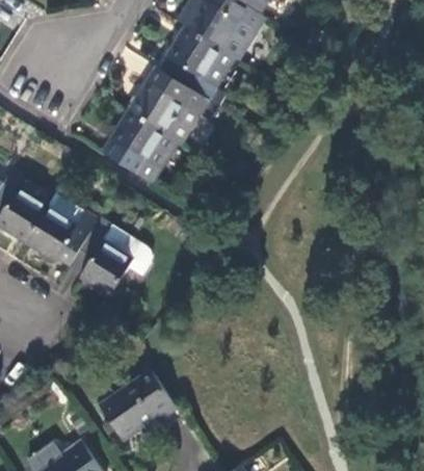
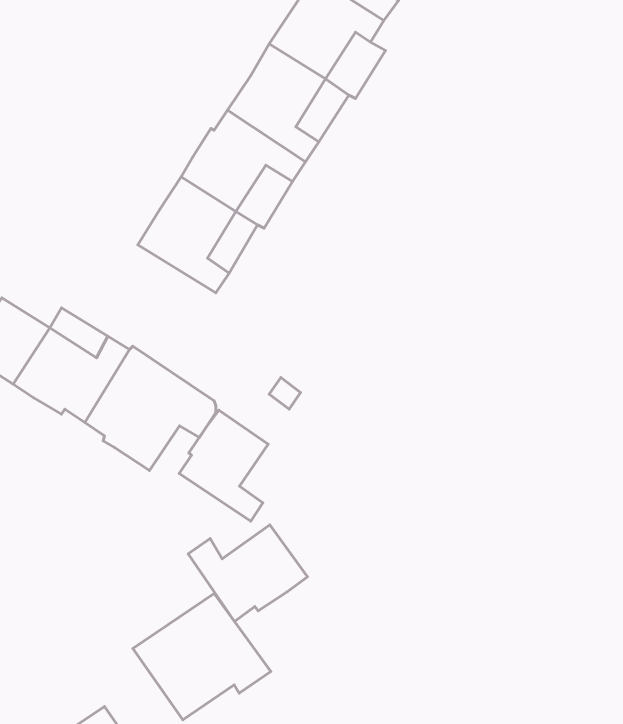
building: none -> [179,410,268,521]
building: none -> [188,525,308,621]

